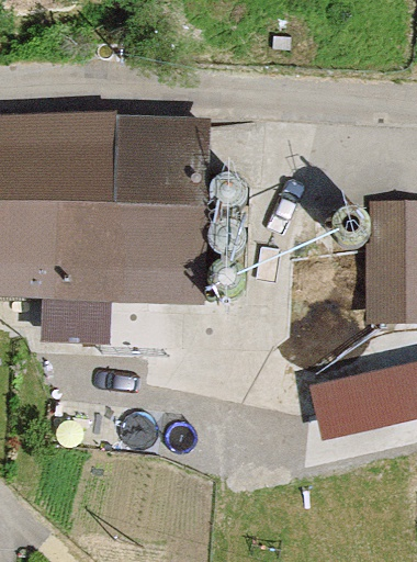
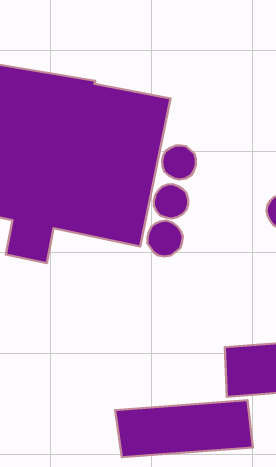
building: none -> [115,400,253,457]

